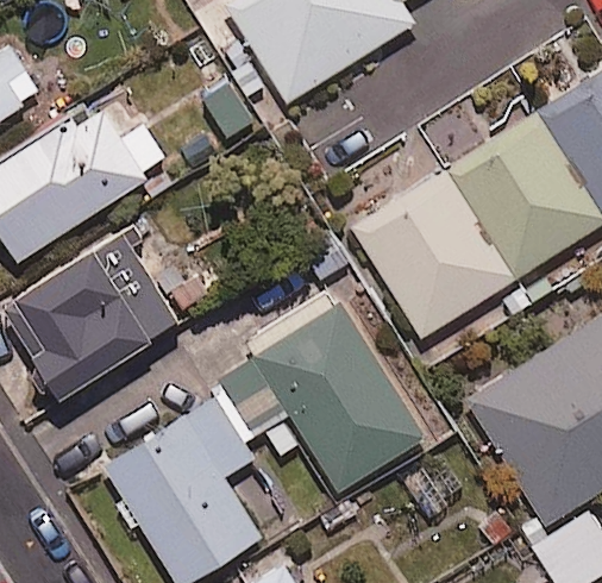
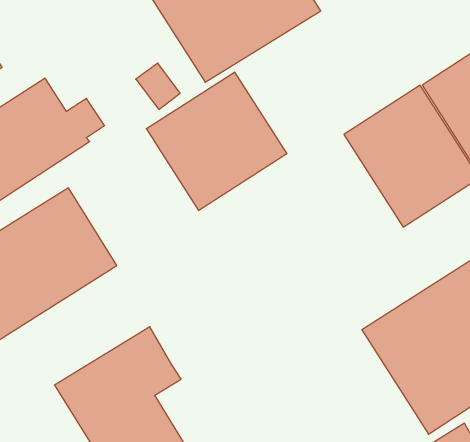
building: none -> [146,72,287,210]
building: [352,171,514,338] -> none
building: [209,281,422,491] -> none

